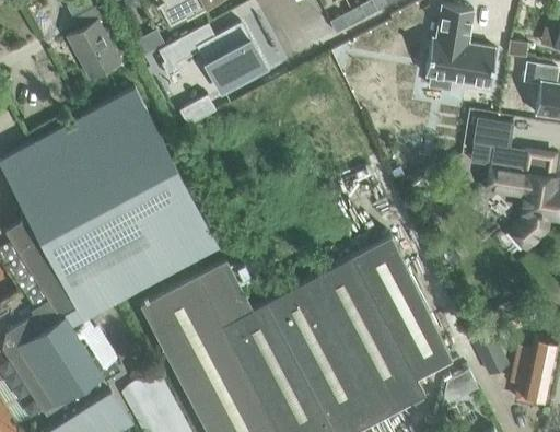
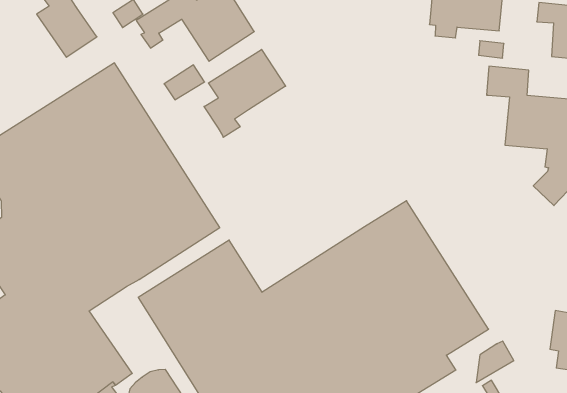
building: none -> [204,49,286,137]
building: [474,335,508,374] -> none

